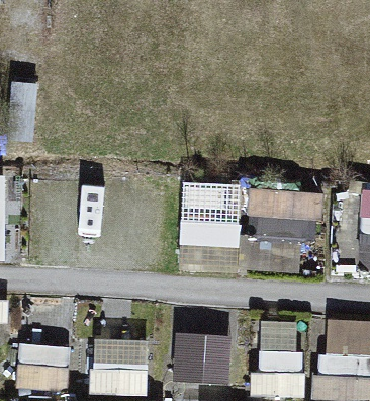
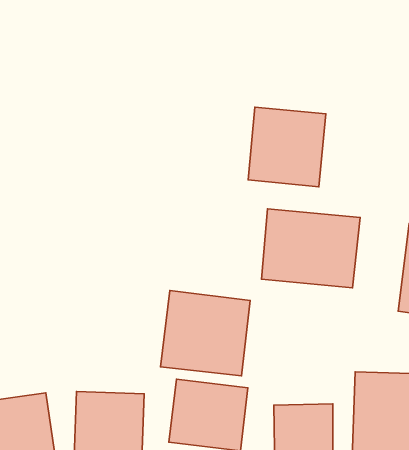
building: none -> [248,107,326,187]
building: none -> [161,291,250,376]

